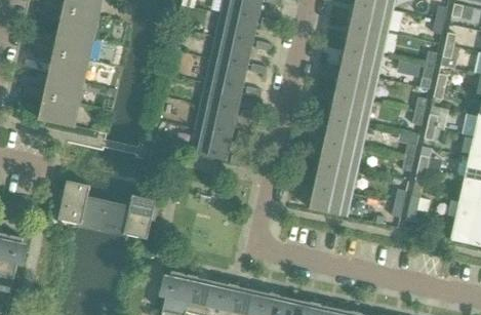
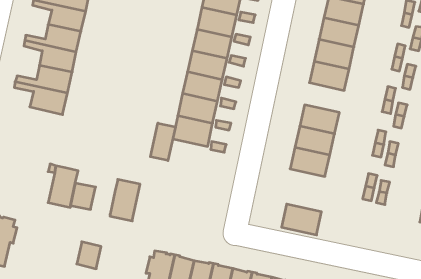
building: [329,92,371,124] -> none
building: none -> [150,123,175,161]
building: [309,184,351,216] -> [282,204,321,235]
building: [103,203,128,232] -> [77,242,101,269]

